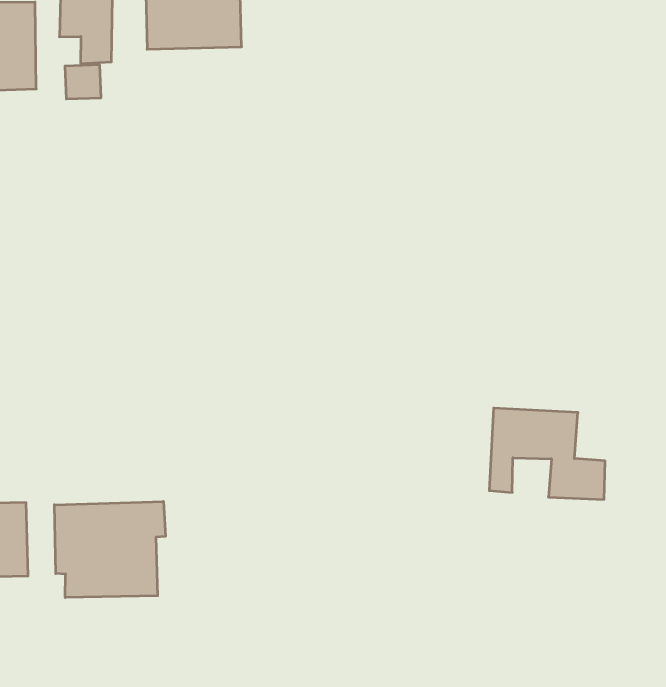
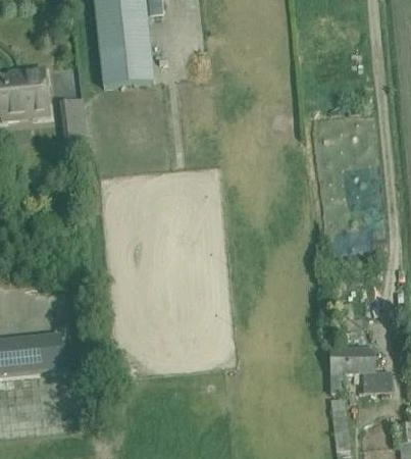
building: [489,408,605,499] -> [328,345,391,391]
building: [54,501,165,598] -> none

